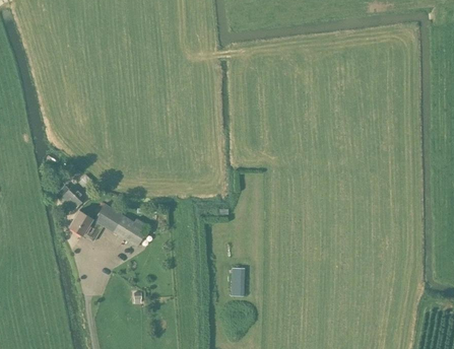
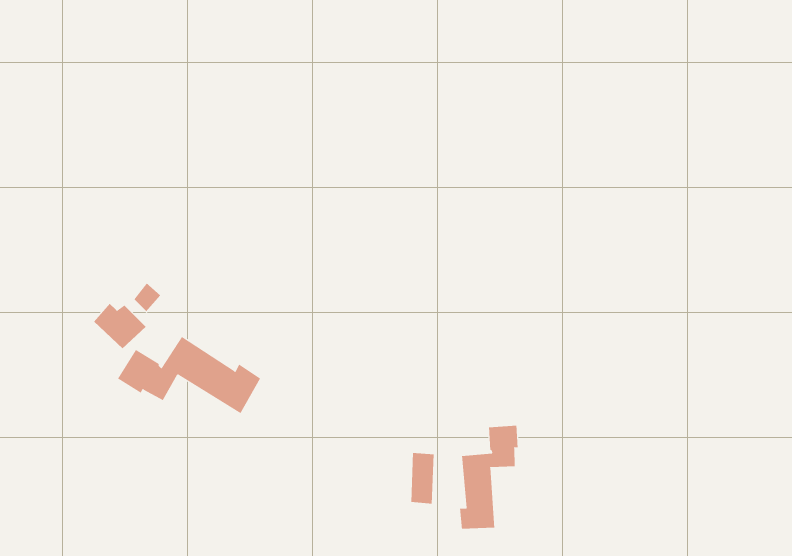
building: none -> [459,425,518,529]

